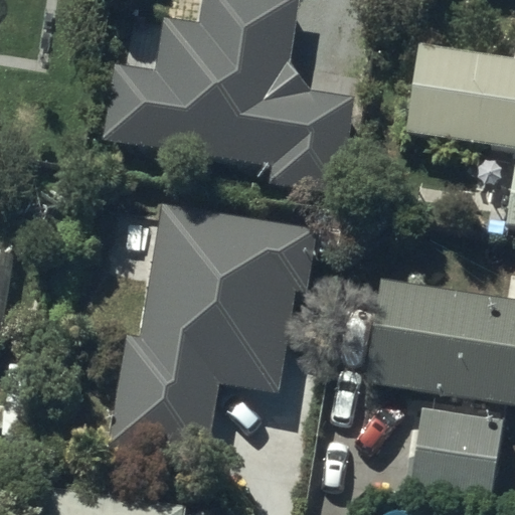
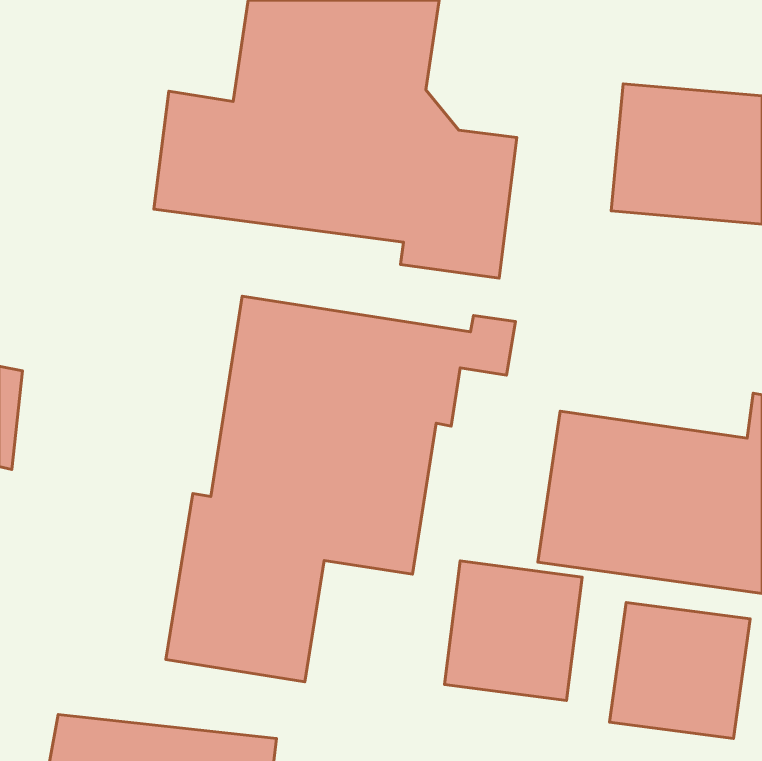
building: none -> [444,561,582,701]

